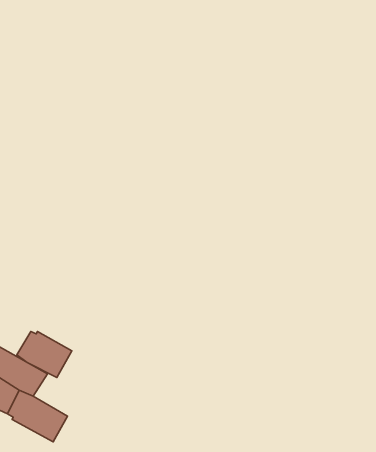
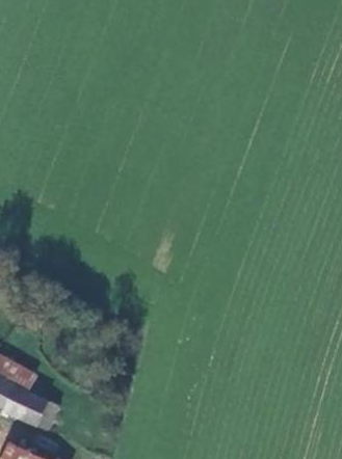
building: [17,331,72,377] -> none

